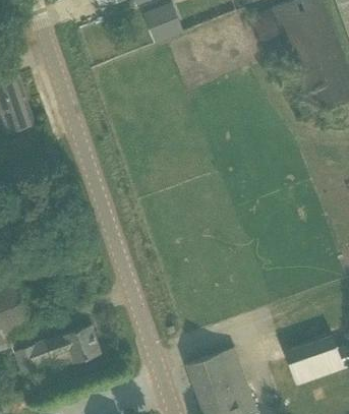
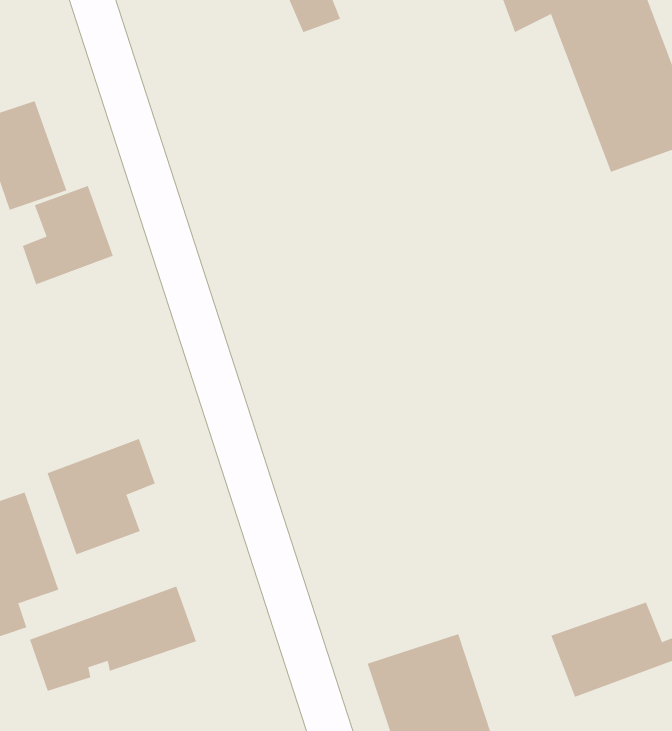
building: none -> [22,185,113,285]
building: none -> [47,438,155,555]

